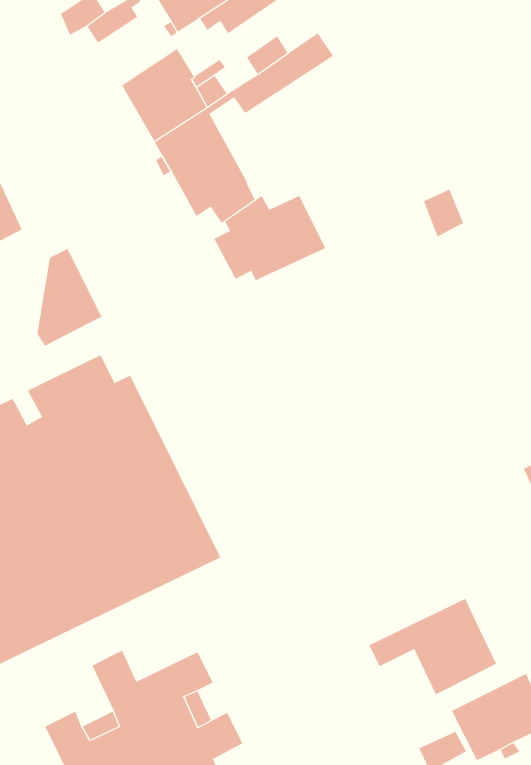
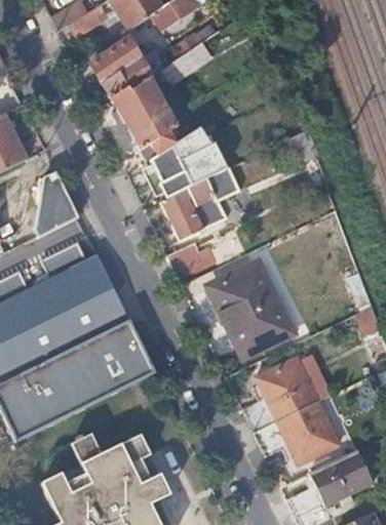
building: none -> [161,162,252,240]
building: none -> [167,239,207,276]
building: none -> [211,265,291,353]
building: none -> [247,356,317,430]

